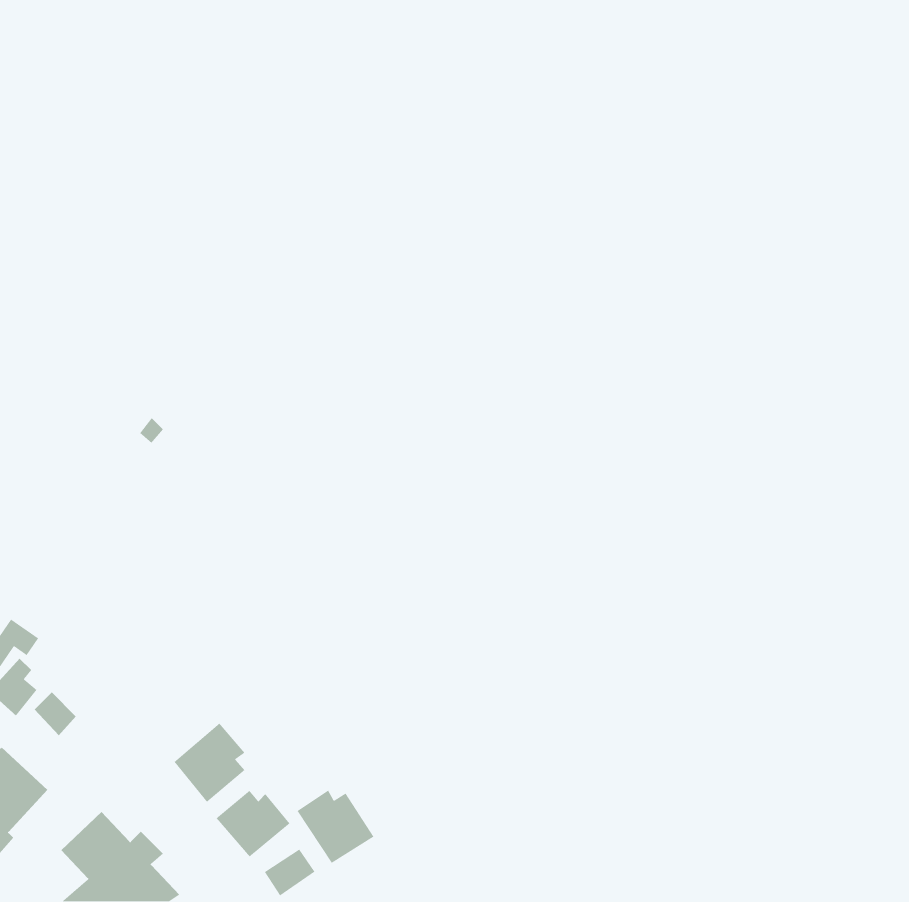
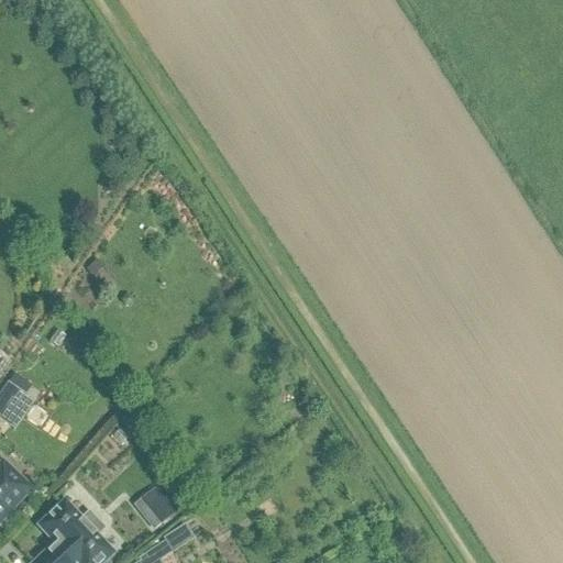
building: [174,723,246,803] -> none
building: [296,789,374,864] -> none

